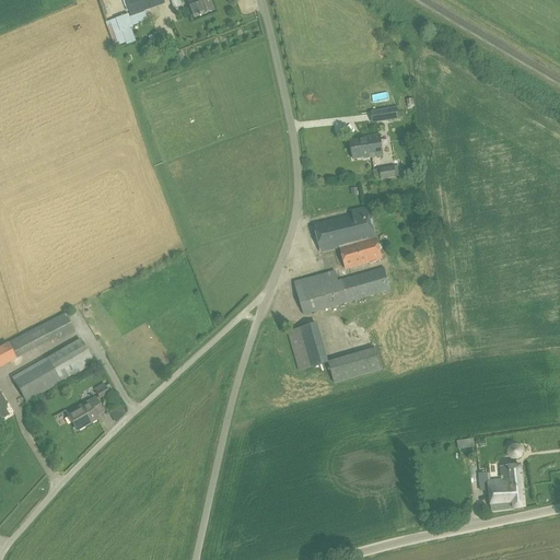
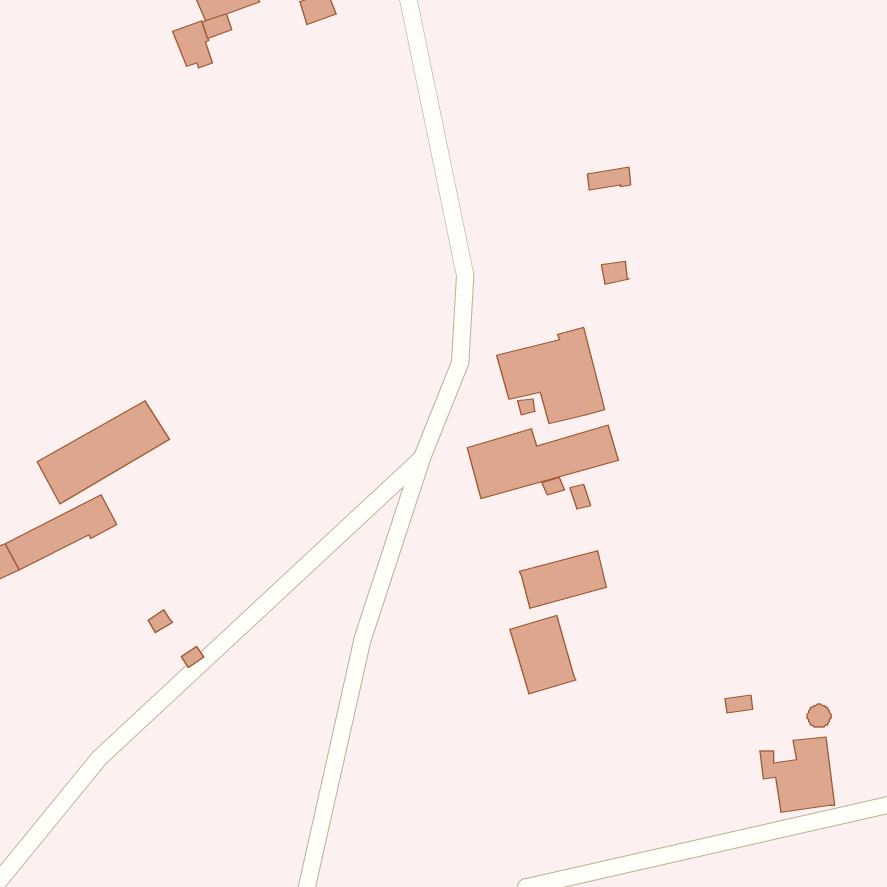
building: [349,132,382,158] -> none
building: [285,320,327,370] -> [510,616,576,694]
building: [10,337,93,401] -> [37,401,170,504]
building: [65,395,102,428] -> none

